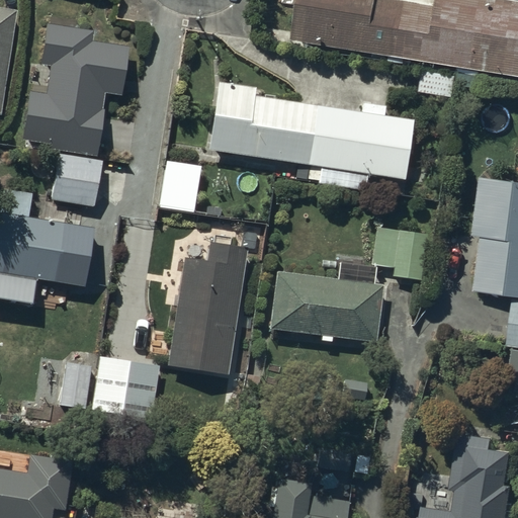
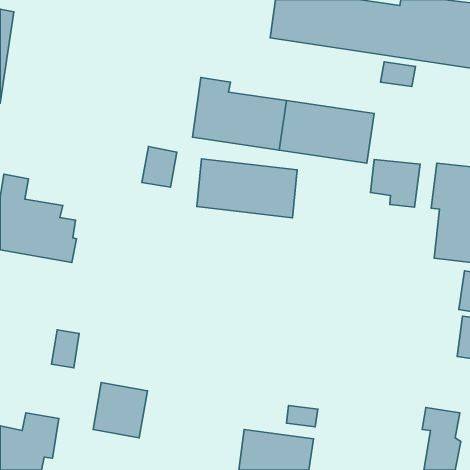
building: [26,28,125,152] -> none
building: [51,153,97,202] -> none
building: [369,226,424,278] -> [370,159,420,207]
building: [172,246,248,375] -> none
building: [273,277,383,342] -> [197,159,297,218]
building: [94,355,154,416] -> [93,382,147,438]

